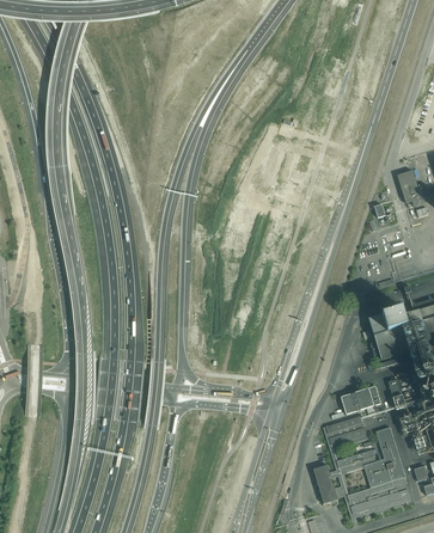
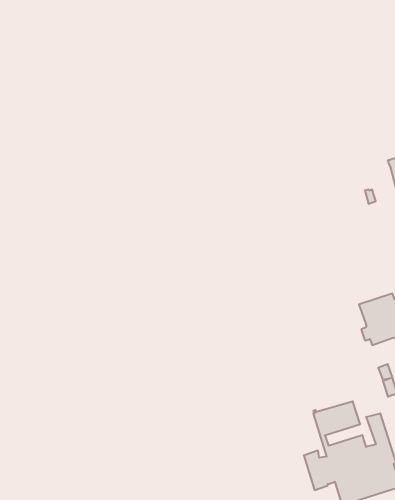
building: [341,385,380,413] -> none

